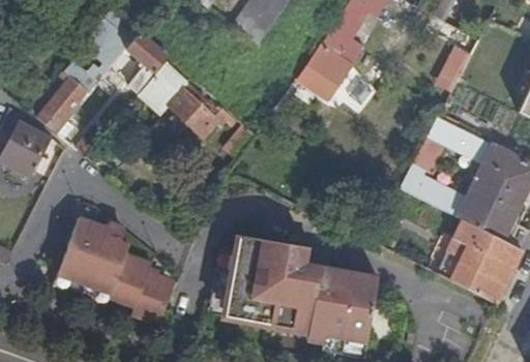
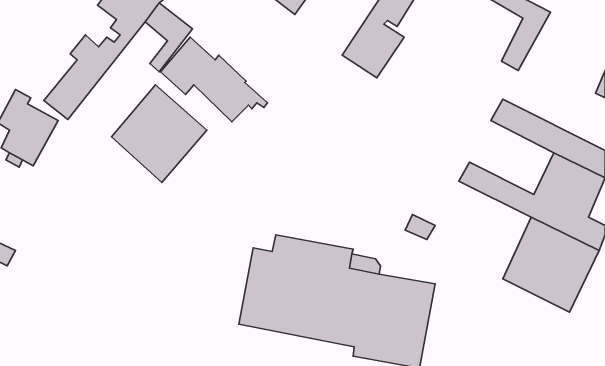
building: none -> [111,85,207,182]
building: [54,216,176,325] -> none

